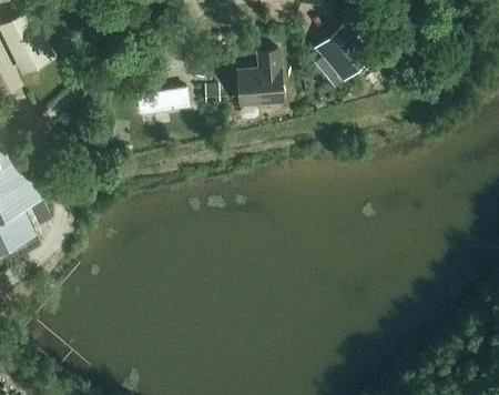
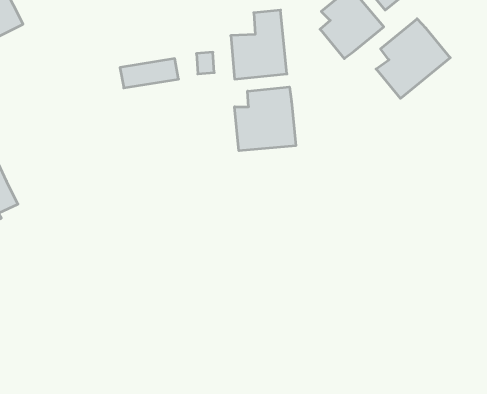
building: none -> [376,19,450,98]
building: none -> [235,87,296,151]

